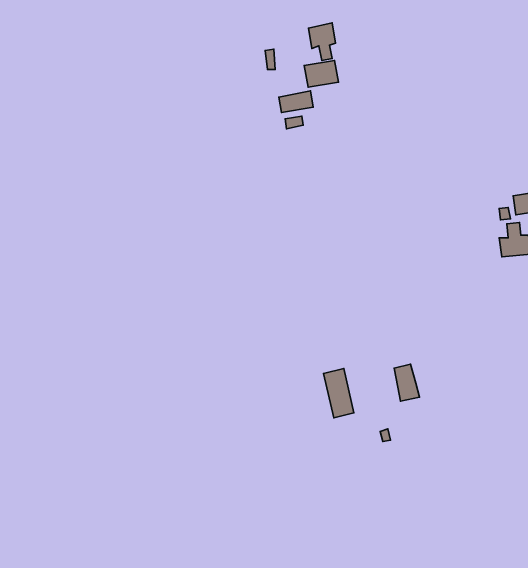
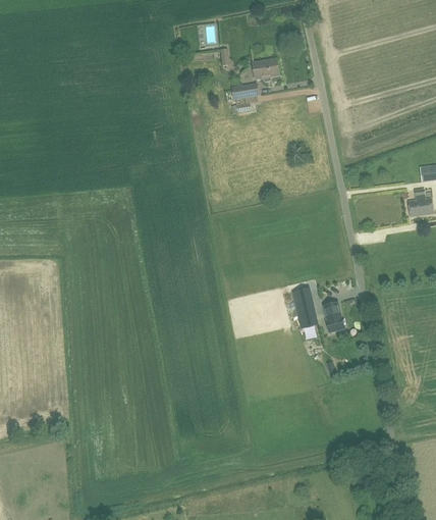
building: [309,23,336,61] -> none
building: [324,368,354,418] -> [292,288,317,327]

